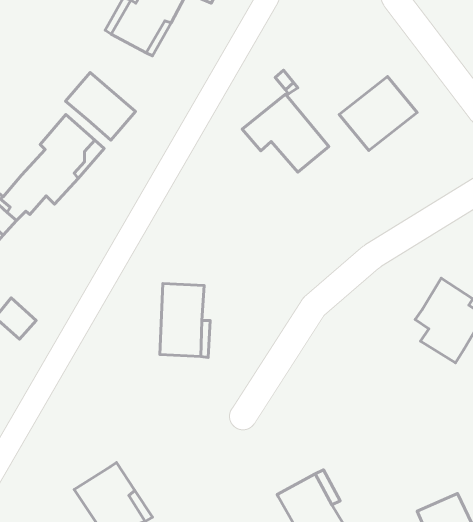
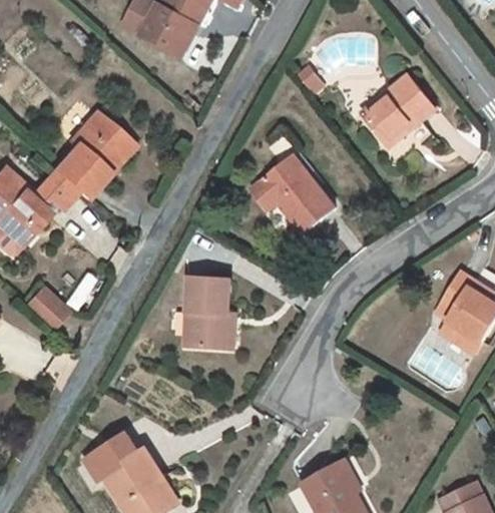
building: [66,73,135,140] -> none
building: [242,94,329,172] -> [250,155,334,231]
building: none -> [85,435,138,480]

